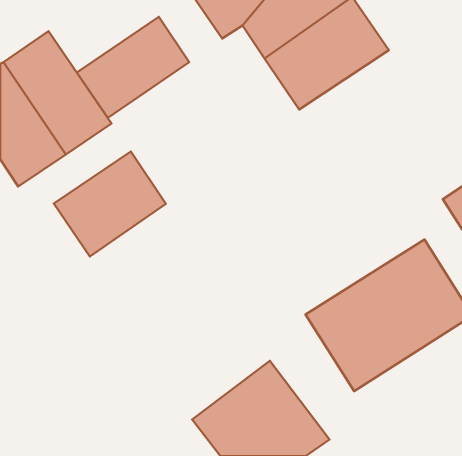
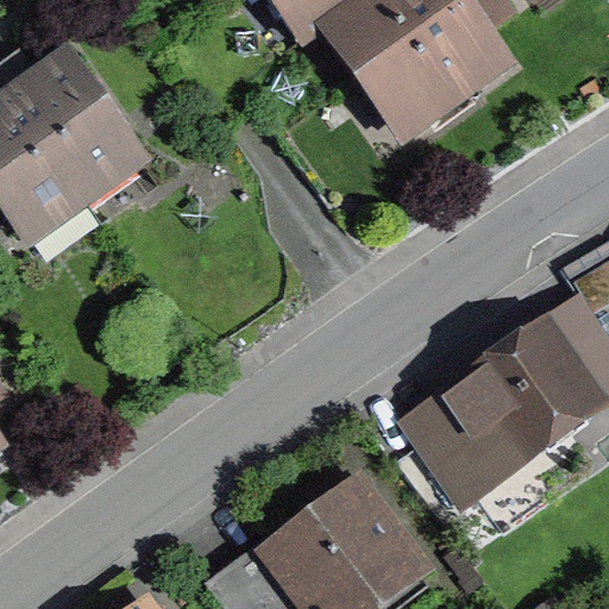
building: [77,17,189,118] -> none
building: [54,152,166,256] -> none

